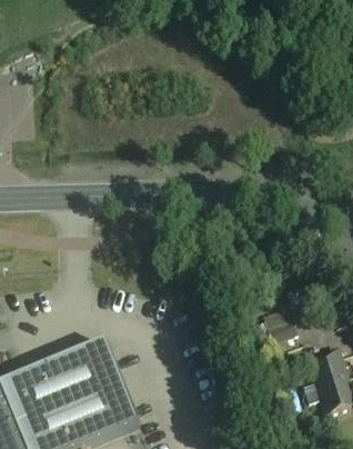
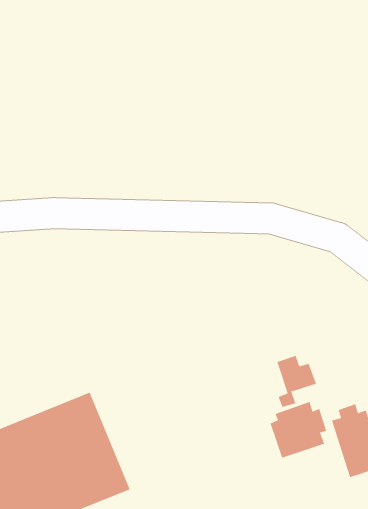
building: none -> [270,401,327,459]

